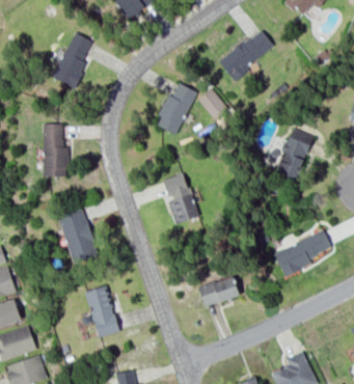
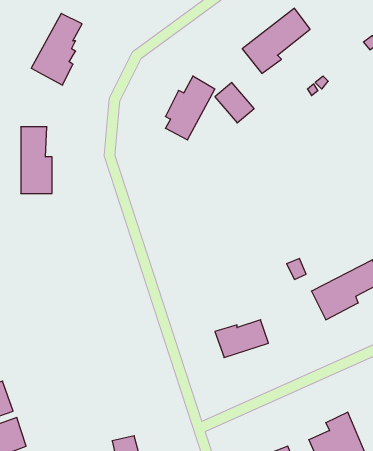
building: [275,129,314,180] -> none
building: [162,172,198,224] -> none
building: [58,208,99,266] -> none
building: [86,286,119,337] -> none

